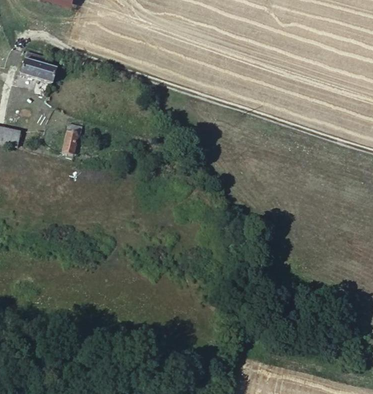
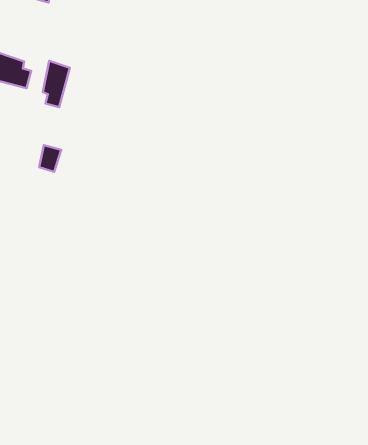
building: none -> [43,61,70,107]

